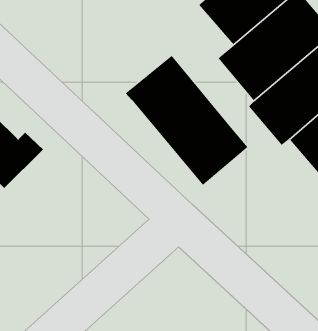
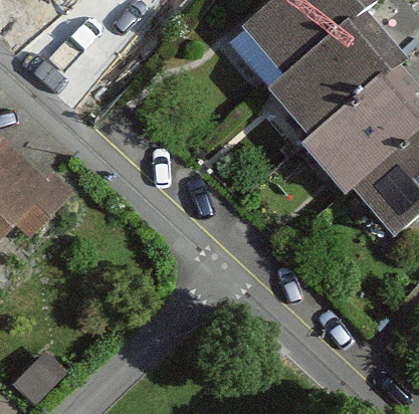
building: [125,55,249,186] -> none

